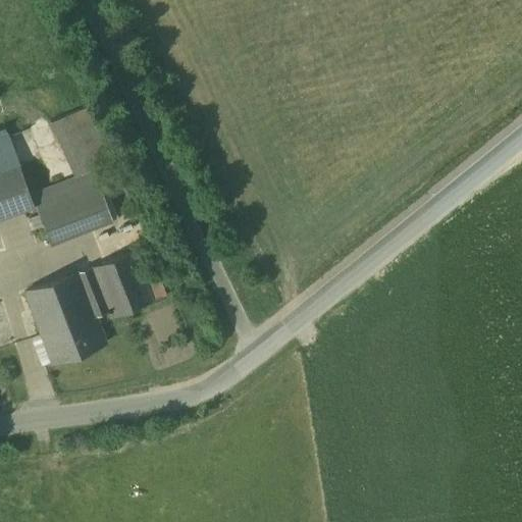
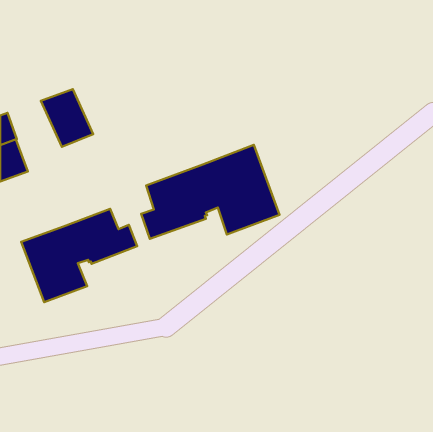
building: [32,173,111,247] -> none
building: none -> [141,145,279,239]

